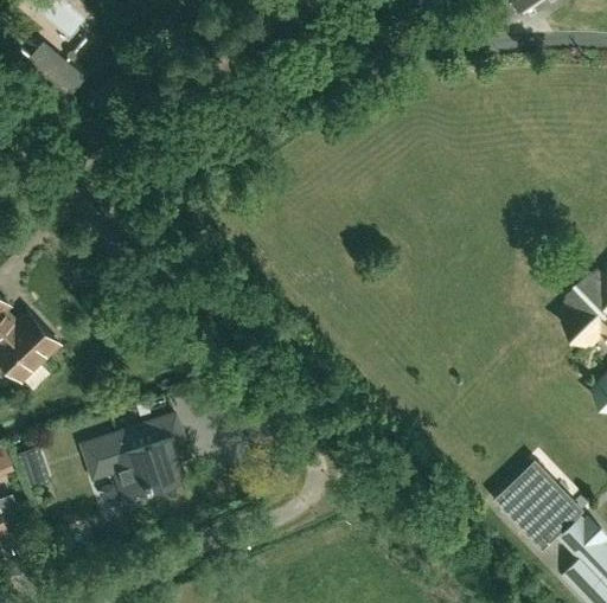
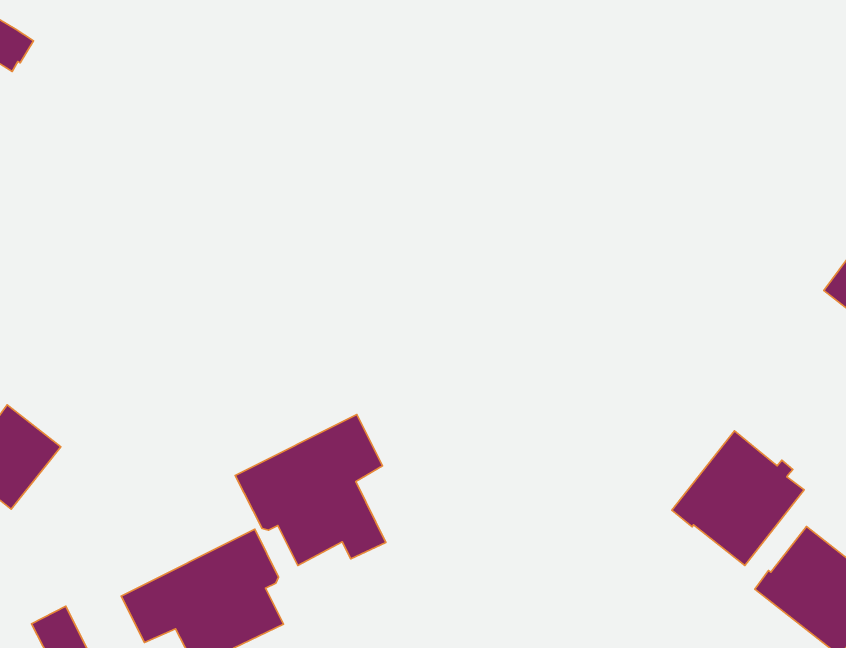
building: none -> [235,415,386,565]
building: none -> [672,431,804,565]

